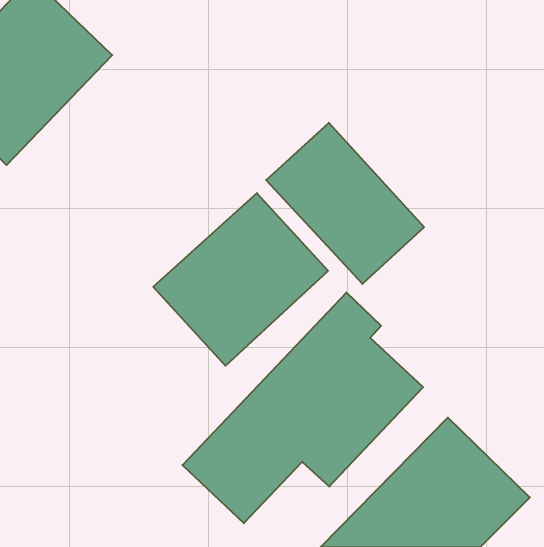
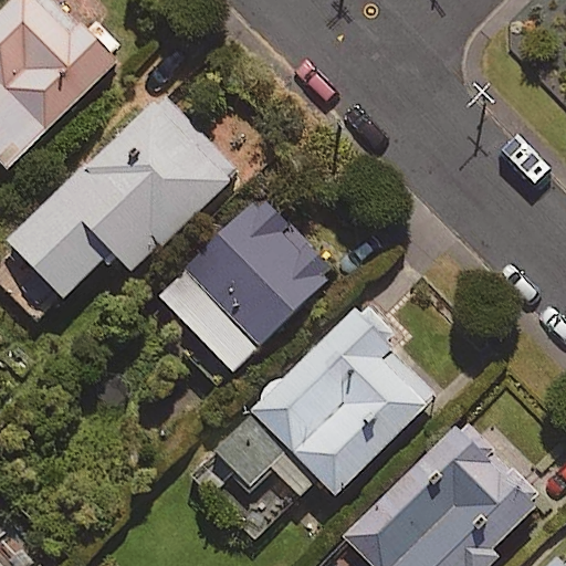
building: none -> [6,97,230,300]
building: [266,123,424,284] -> none

